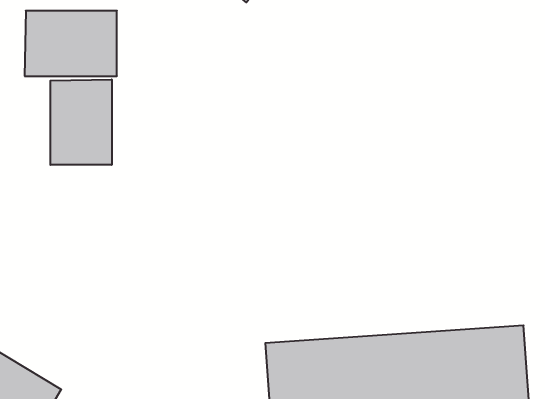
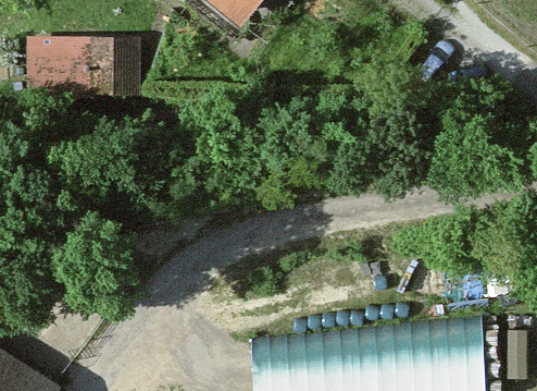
building: [50,79,112,165] -> none

